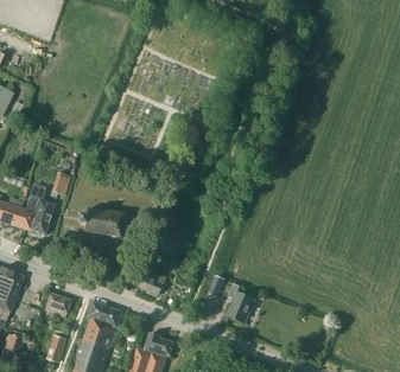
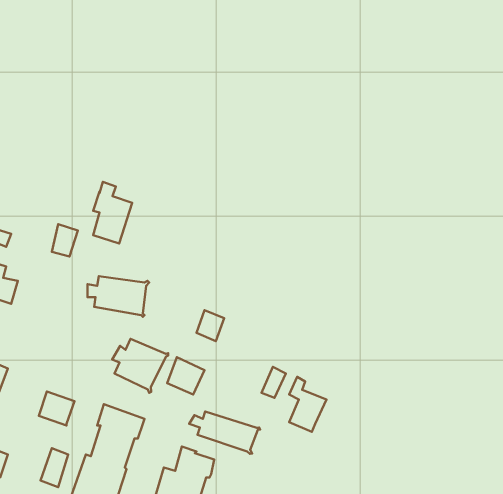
building: [25,190,53,235] -> [93,182,132,243]
building: none -> [112,339,168,393]
building: none -> [189,412,260,454]

